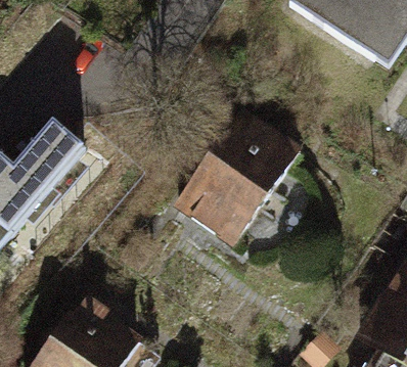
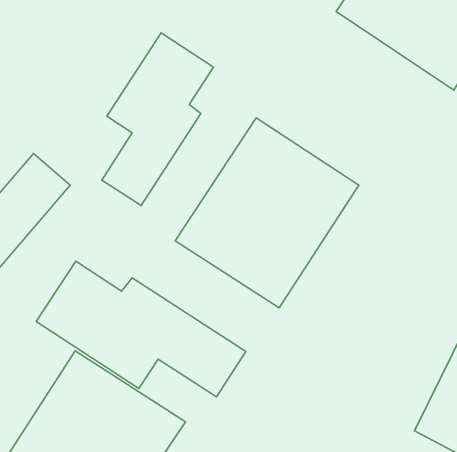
building: none -> [102,33,213,206]
building: none -> [36,261,246,397]

